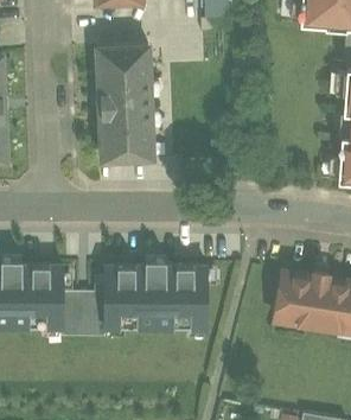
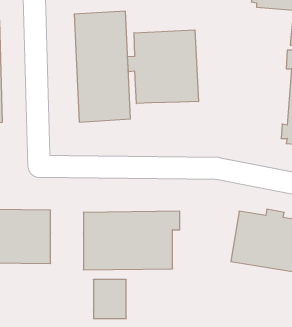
building: none -> [128,30,198,104]
building: [65,291,103,336] -> [93,280,126,319]

